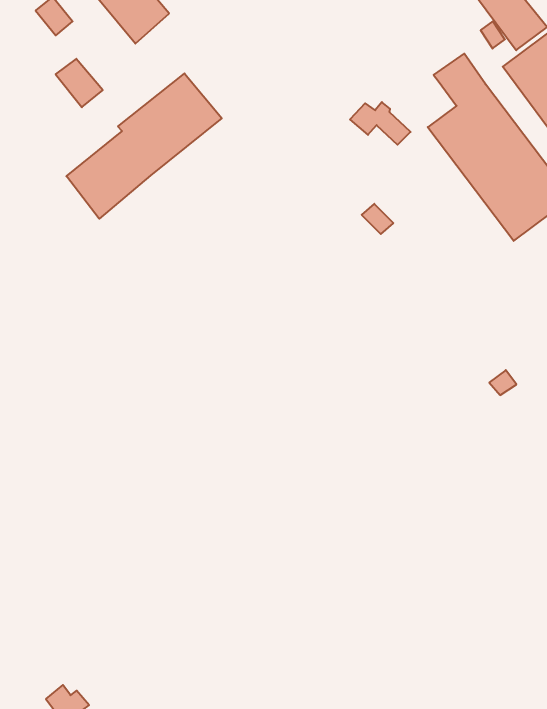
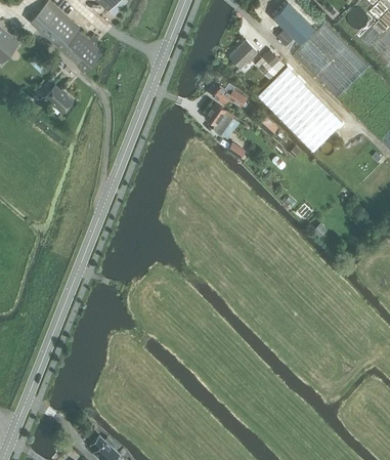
building: none -> [229,40,257,68]
building: [66,73,222,219] -> none
building: none -> [205,103,233,135]

